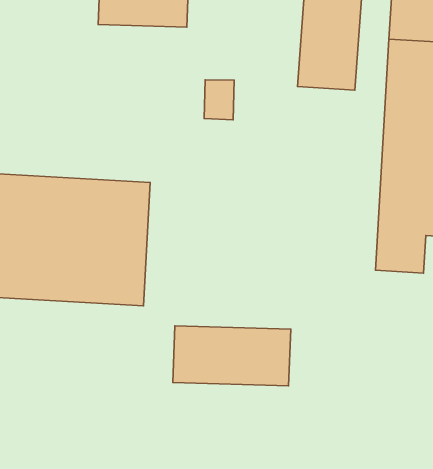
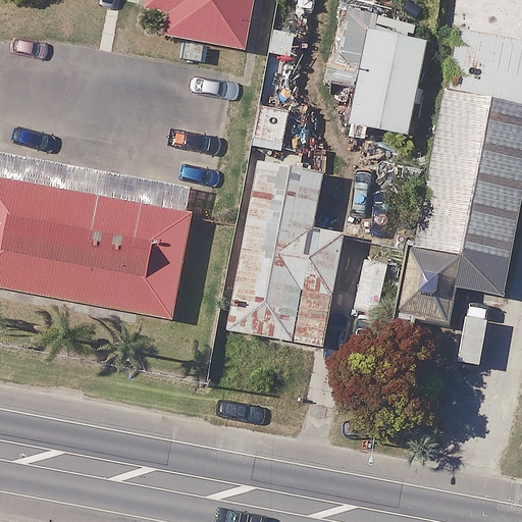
building: none -> [229,152,344,344]
building: [173,326,291,386] -> none

